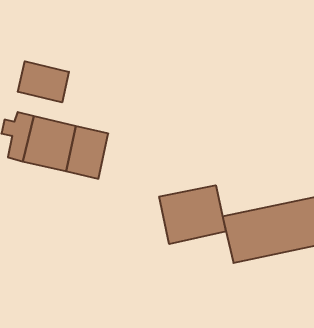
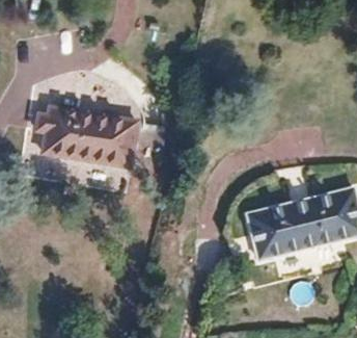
building: [18,61,69,102] -> none
building: [159,185,226,244] -> none

